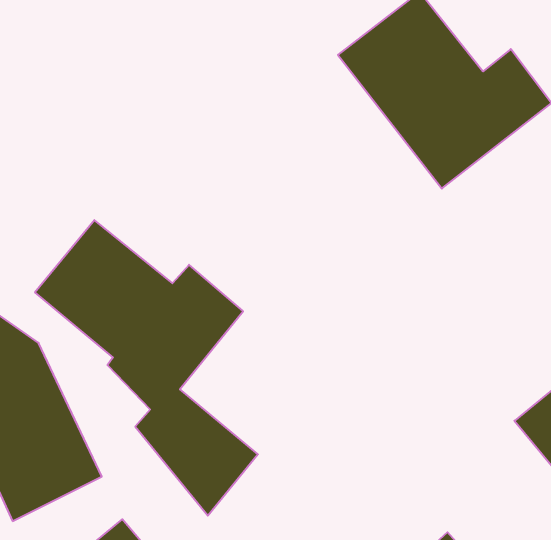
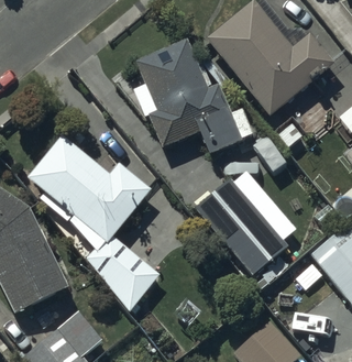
building: none -> [133,40,253,154]
building: none -> [196,171,298,276]

